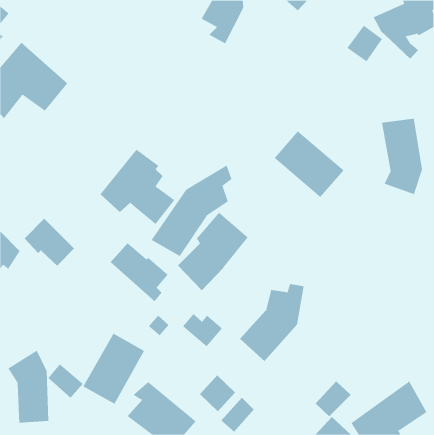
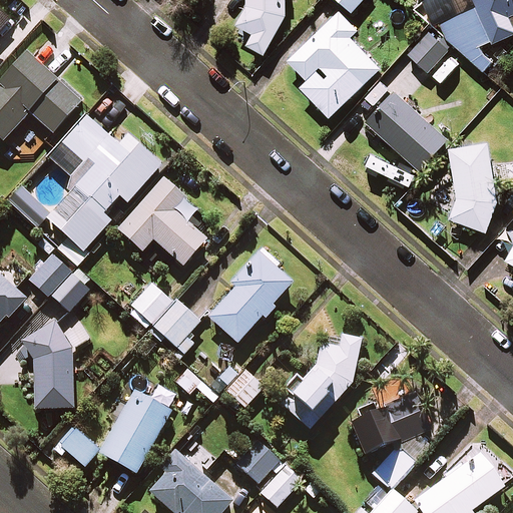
building: none -> [289,8,382,112]
building: none -> [4,114,162,265]
building: [274,130,344,198] -> [366,88,449,167]
building: [151,165,232,257] -> none
building: none -> [351,390,429,453]
building: [7,350,49,423] -> [24,320,73,406]

